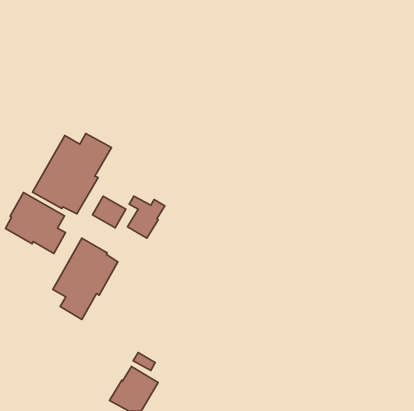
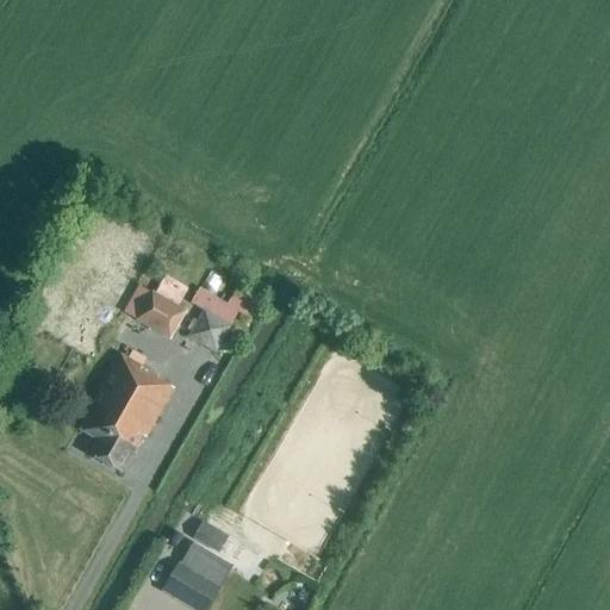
building: [33,133,112,214] -> none
building: [6,192,66,253] -> none

